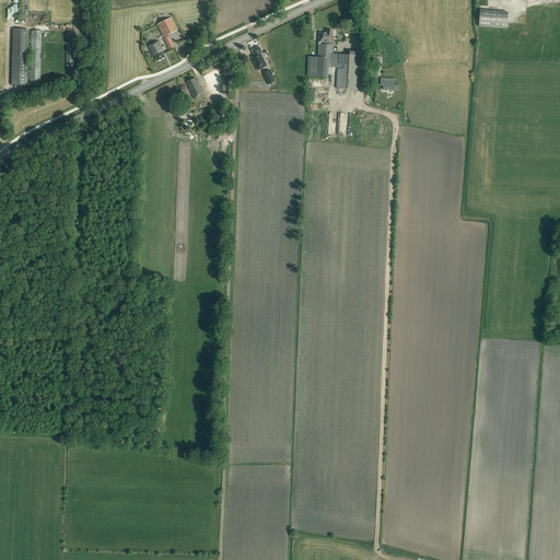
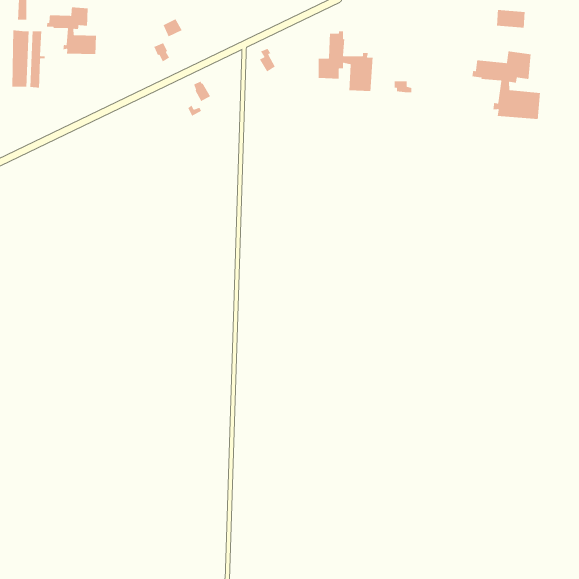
building: none -> [46,7,97,55]
building: none -> [471,50,541,120]

